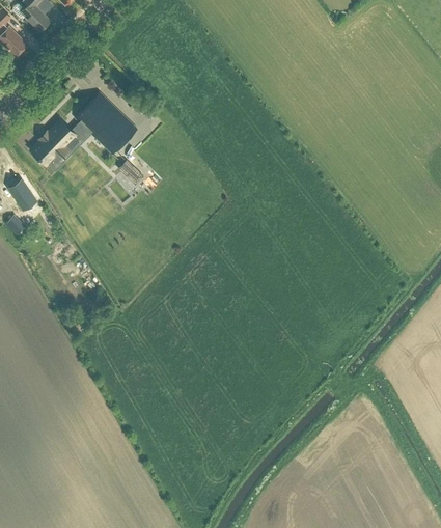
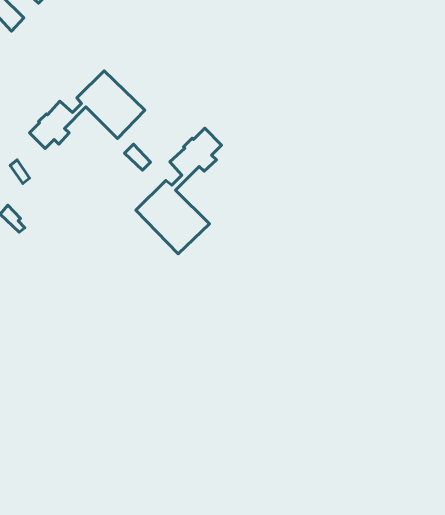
building: none -> [136,128,222,254]

